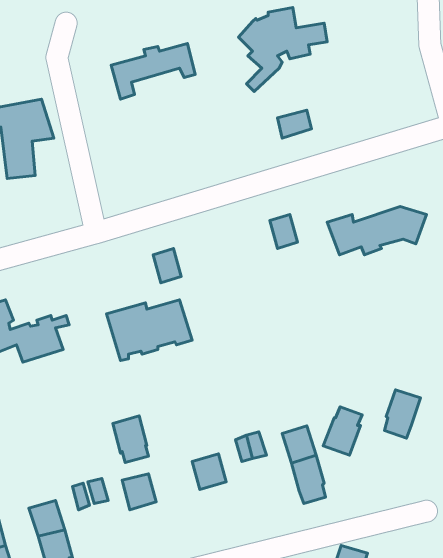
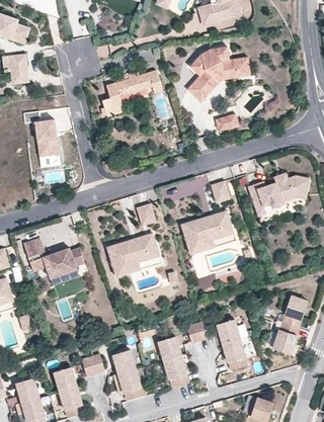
building: none -> [180,214,235,255]
building: [323,407,362,455] -> [274,322,300,353]
building: [113,416,149,463] -> [119,368,143,399]
building: none -> [165,355,188,386]

